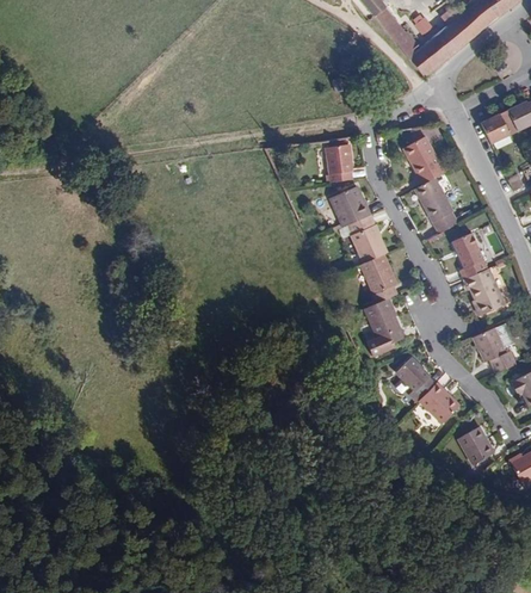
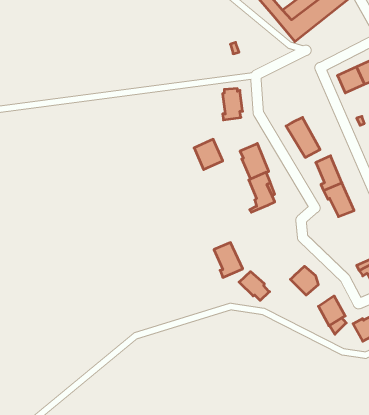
building: [402,138,444,186] -> none
building: [331,186,370,228] -> [194,139,223,170]
building: [364,299,403,347] -> [214,243,243,277]
building: [473,328,515,372] -> none
building: [395,356,437,395] -> [239,272,270,300]

